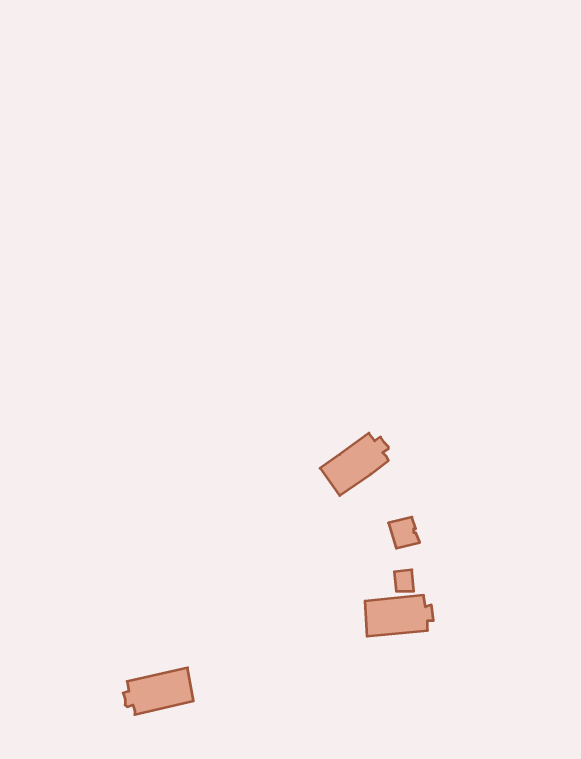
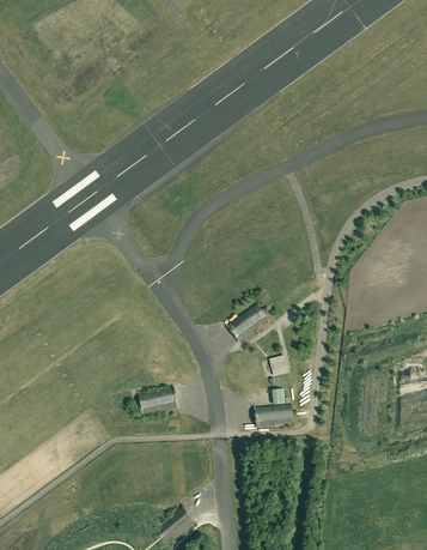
building: [123,668,193,715] -> [134,386,177,415]

